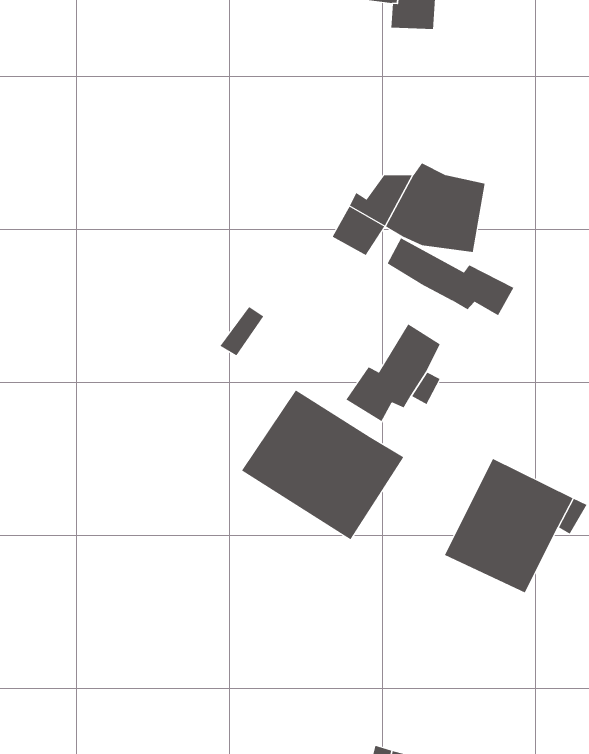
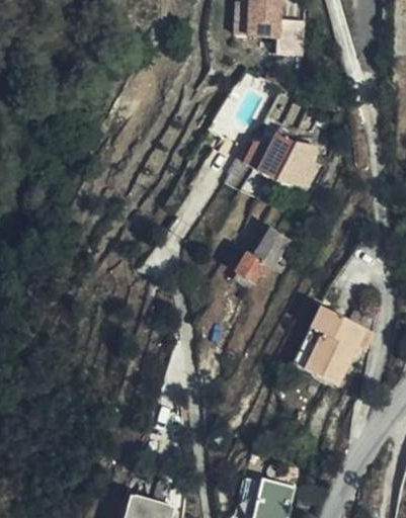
building: [387,237,514,316] -> none
building: [241,390,404,540] -> none

